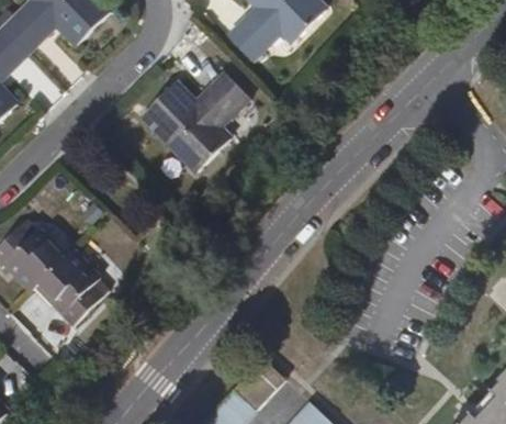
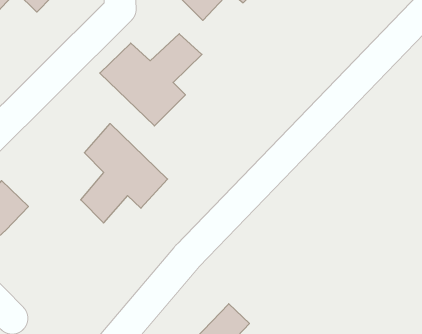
building: none -> [81,124,168,223]
building: [41,248,105,323] -> none

